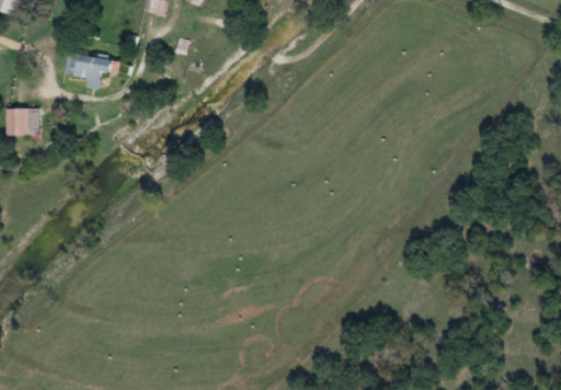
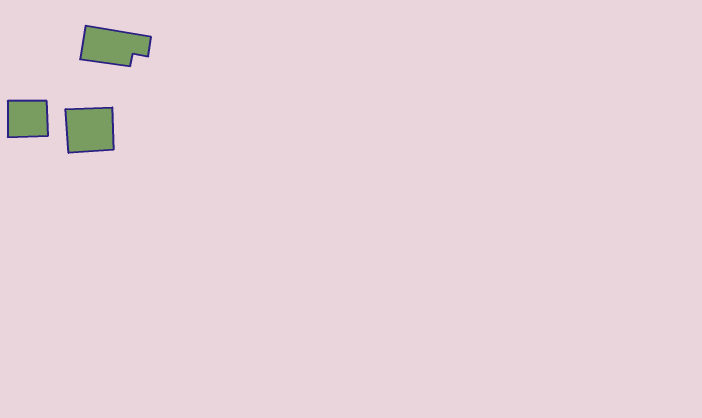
building: none -> [66,107,113,153]

